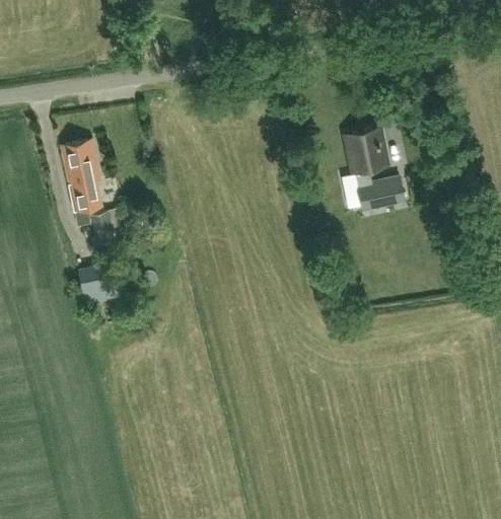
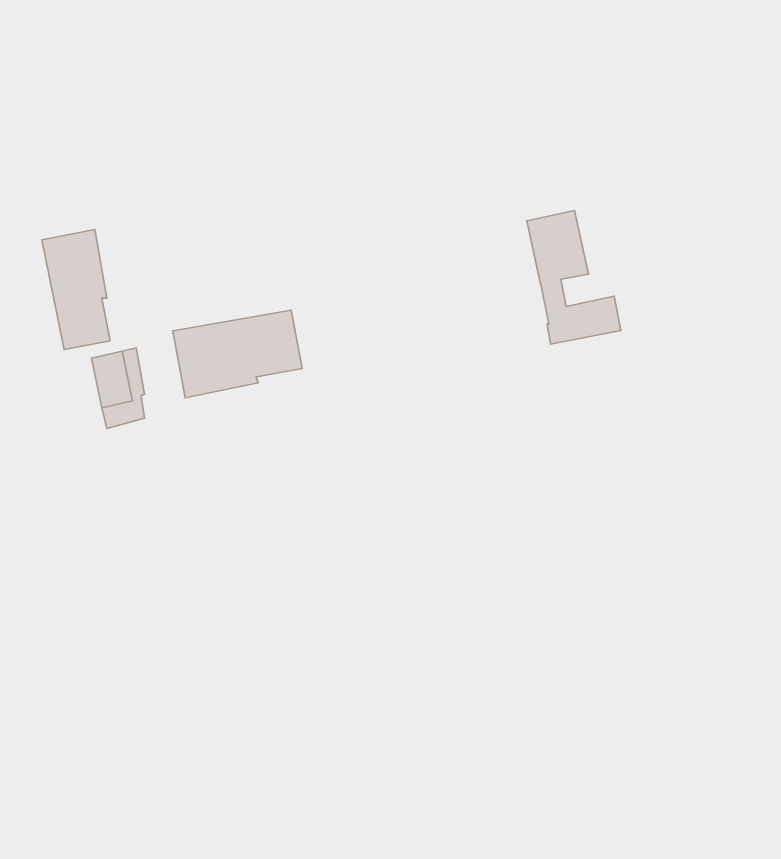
building: none -> [173,310,302,398]
building: [80,264,114,291] -> none

